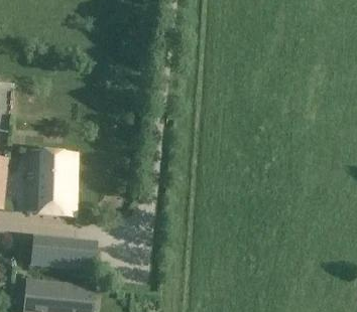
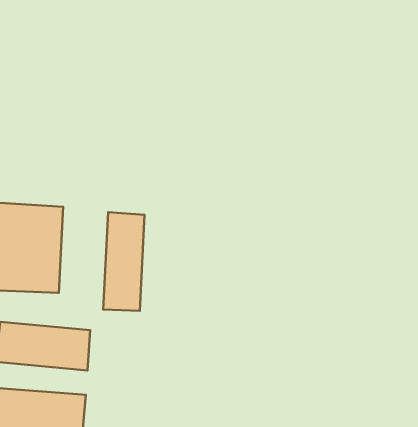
building: none -> [103,212,144,311]

